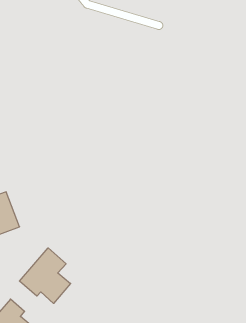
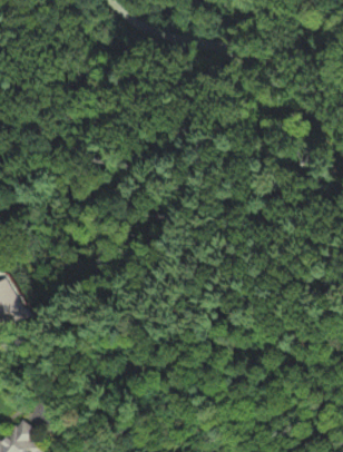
building: [19,248,71,303] -> none

